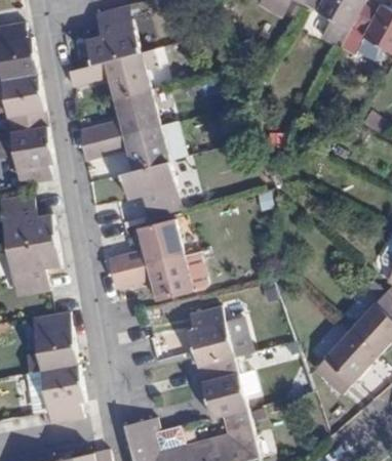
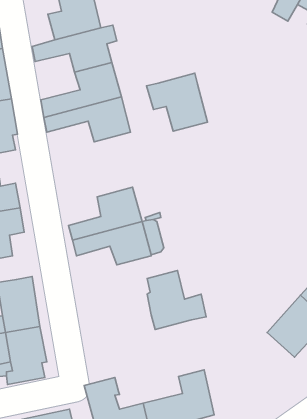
building: [121,161,185,221] -> [147,73,207,131]
building: [197,357,248,418] -> none

